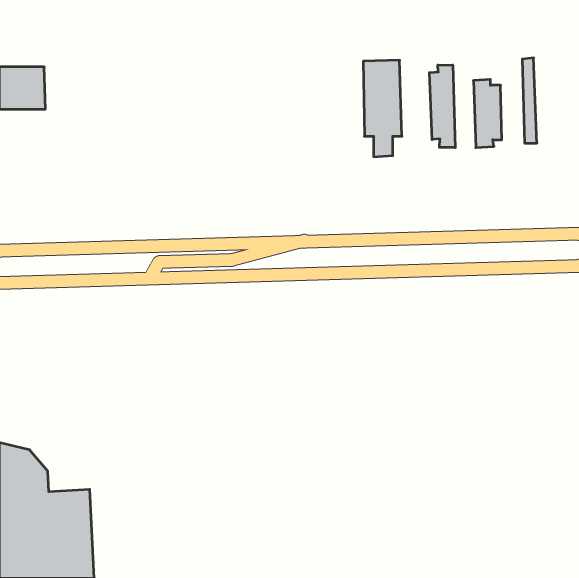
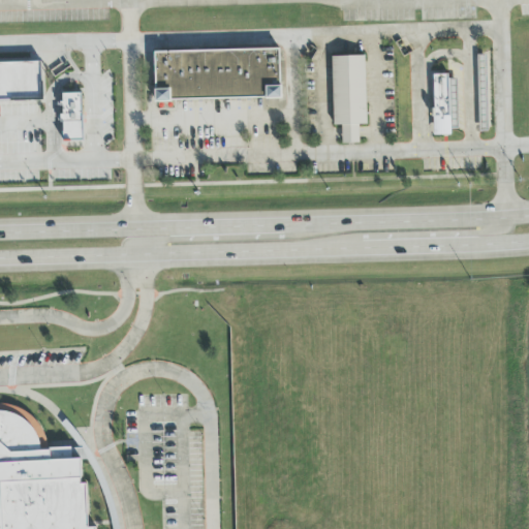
building: none -> [153,48,279,99]
building: [429,65,455,148] -> none
building: none -> [61,92,82,138]

